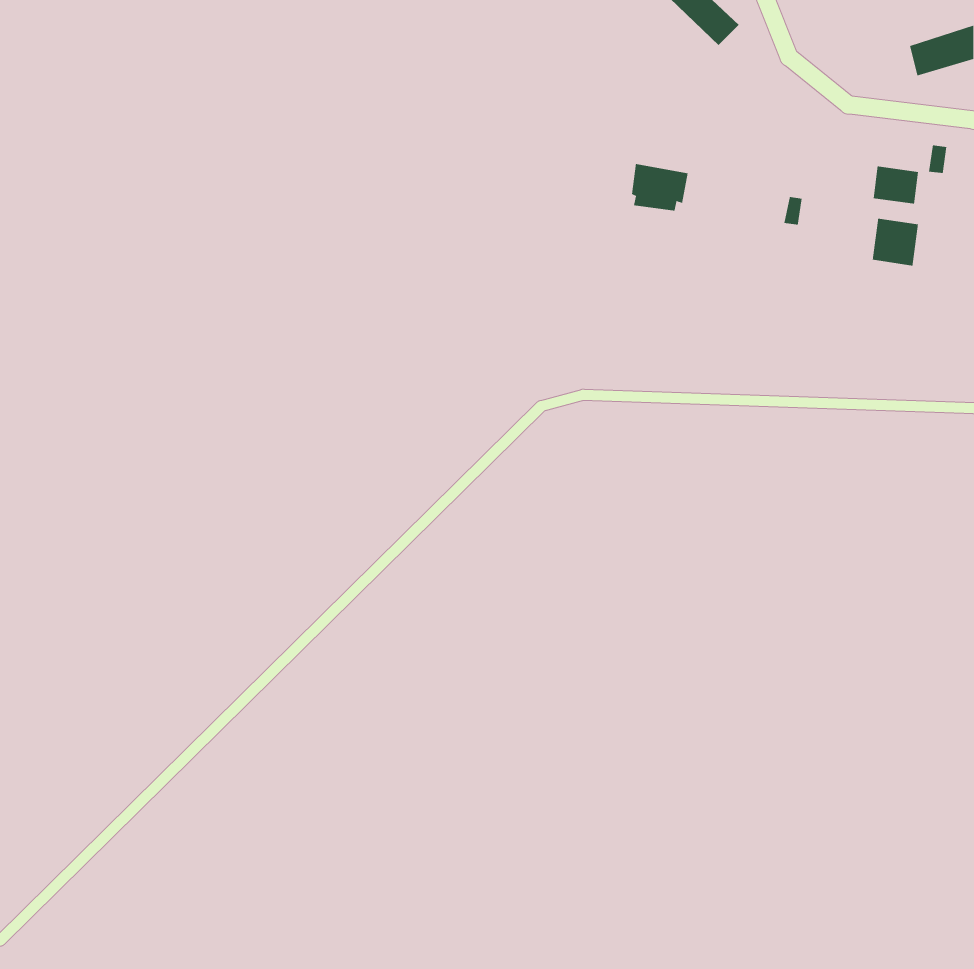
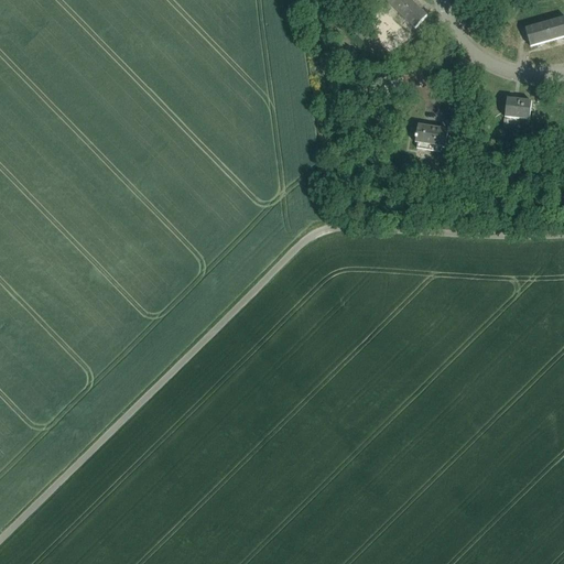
building: [631,164,688,211] -> [415,122,448,150]
building: [872,218,919,266] -> none

